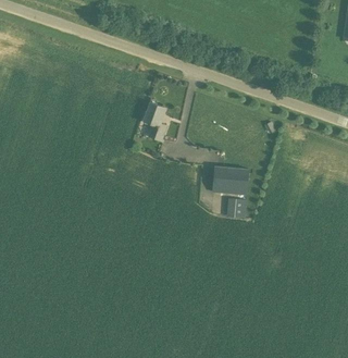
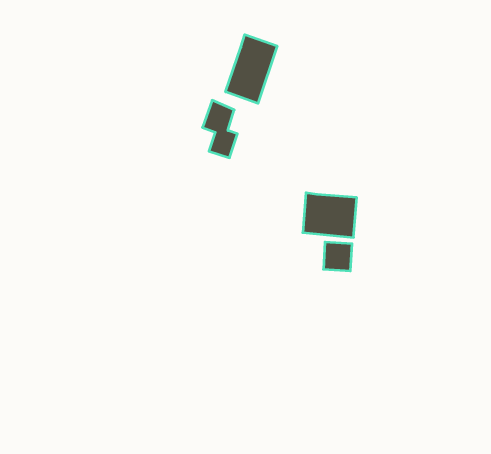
building: none -> [226,35,277,103]

